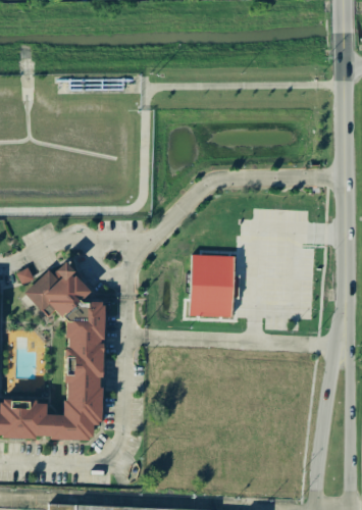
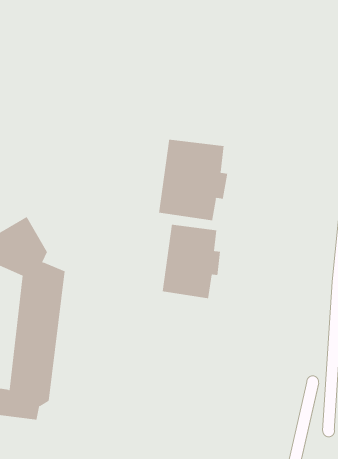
building: none -> [159,139,228,221]

